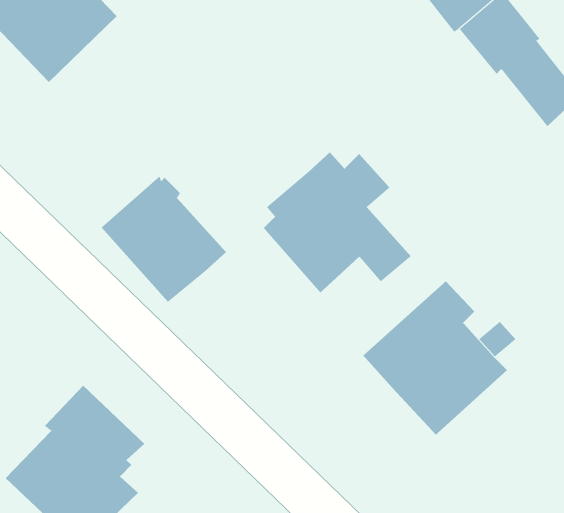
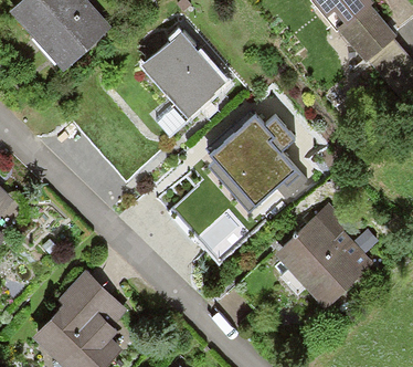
building: [101,175,227,303] -> [141,33,226,119]

